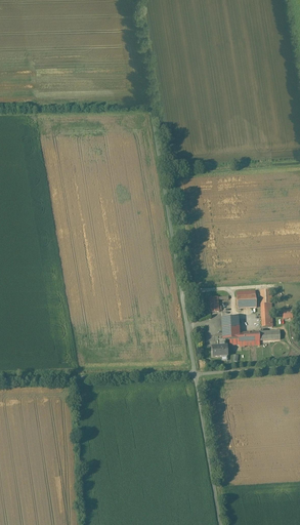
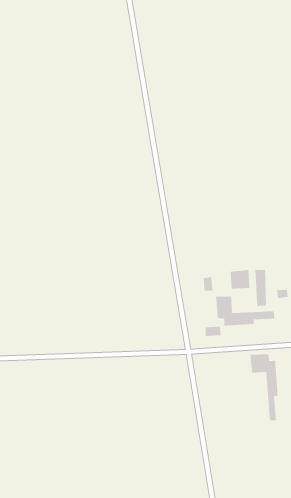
building: none -> [250,353,278,421]

